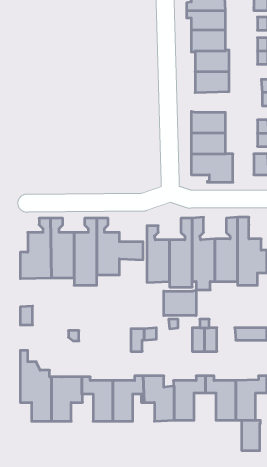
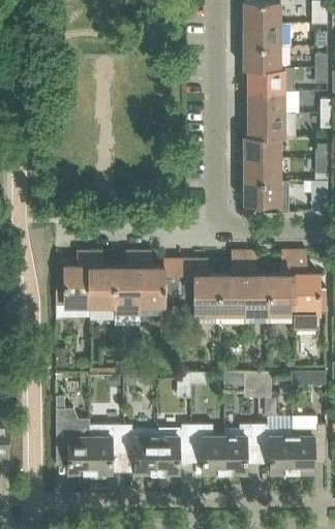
building: none -> [247,114,295,137]
building: [164,290,196,316] -> none
building: [242,420,260,451] -> none

